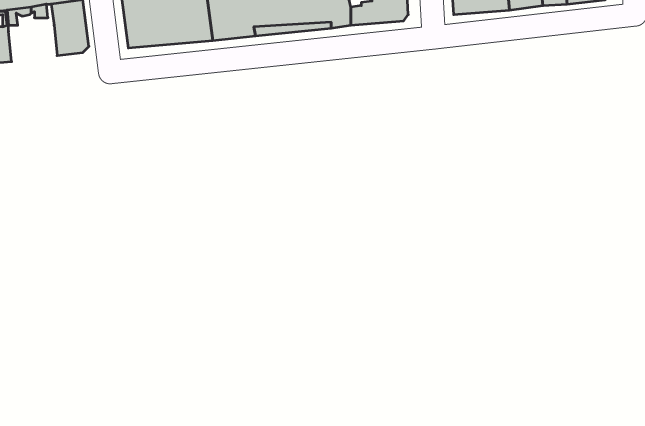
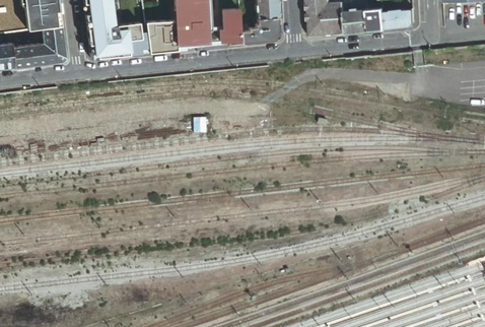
building: none -> [11,44,44,68]

